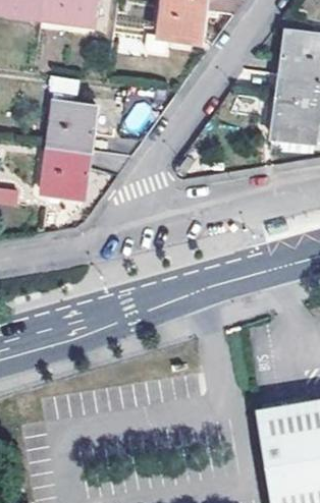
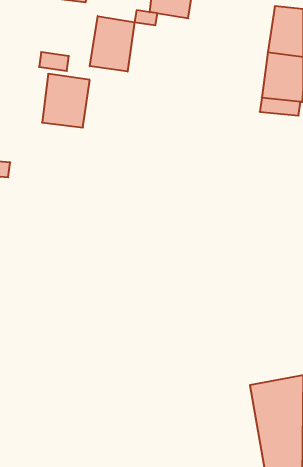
building: none -> [90,16,135,72]
building: [42,147,90,195] -> none

